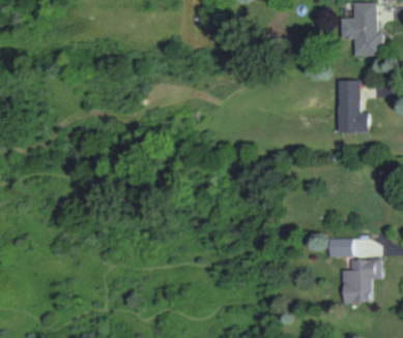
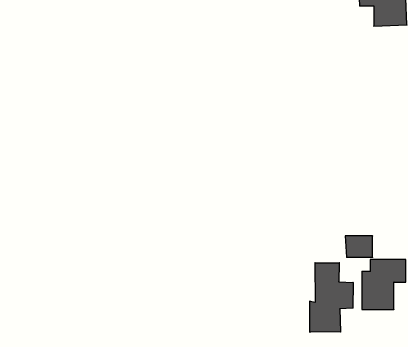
building: [337,81,368,132] -> none
building: none -> [310,263,353,332]

